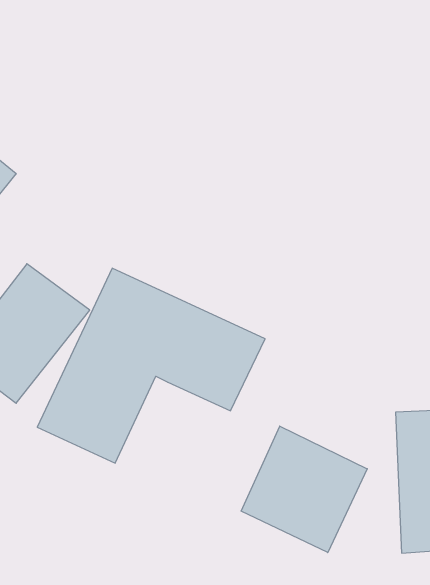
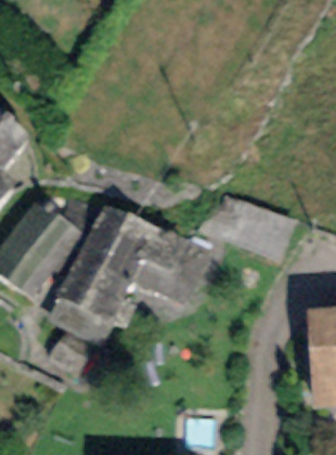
building: [241,426,367,553] -> none

